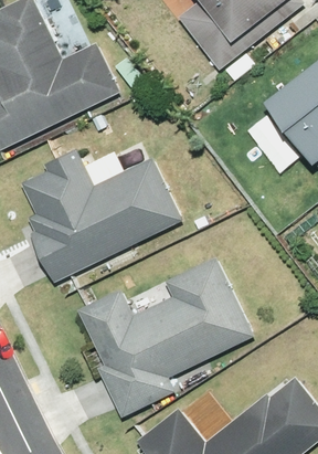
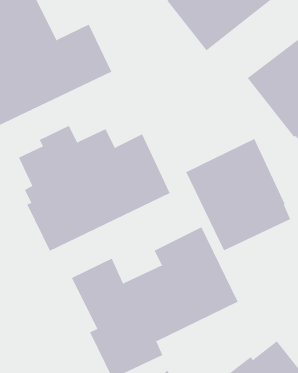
building: none -> [185,138,291,251]

